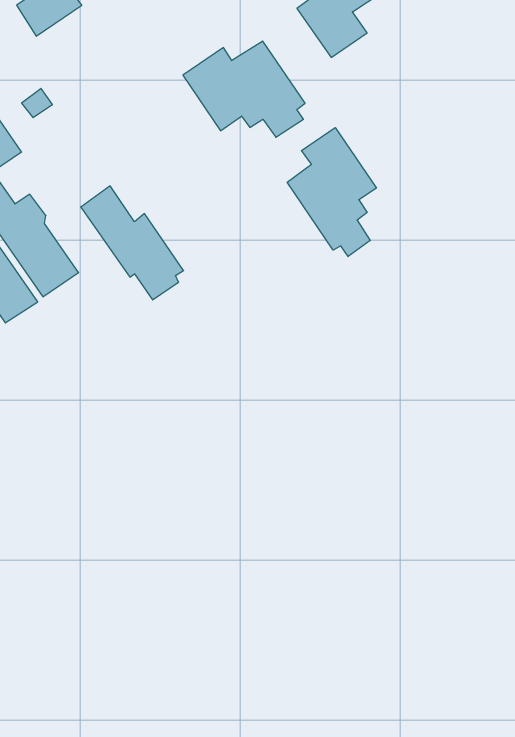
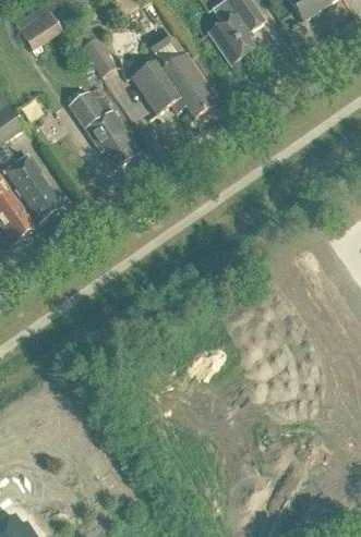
building: none -> [83,34,118,74]
building: [287,128,376,257] -> none
building: [81,186,184,300] -> [68,88,136,164]

